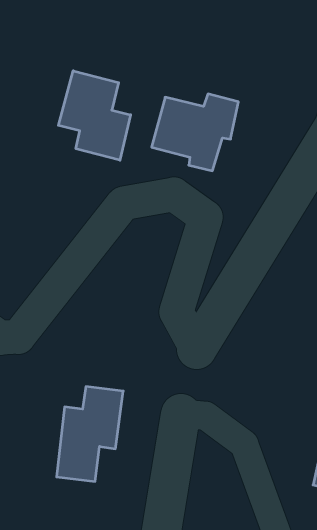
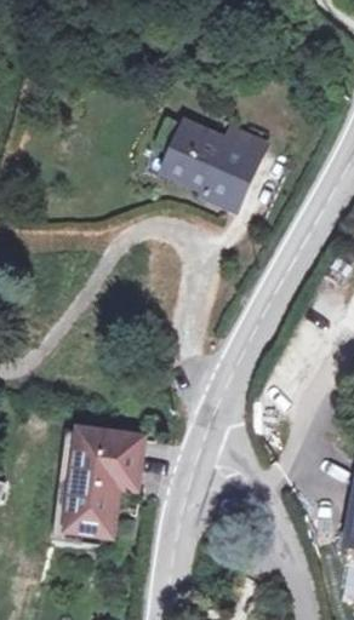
building: [58,71,131,160] -> none

